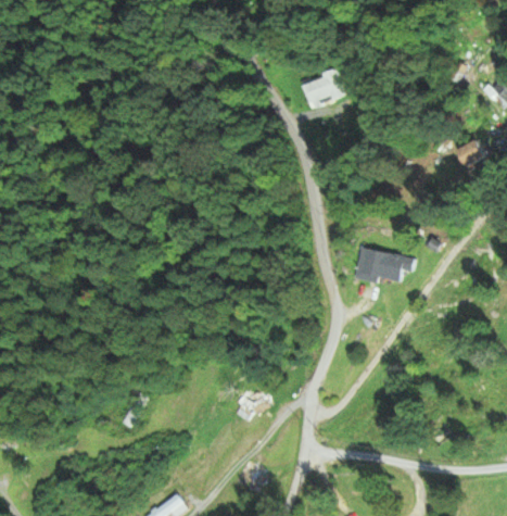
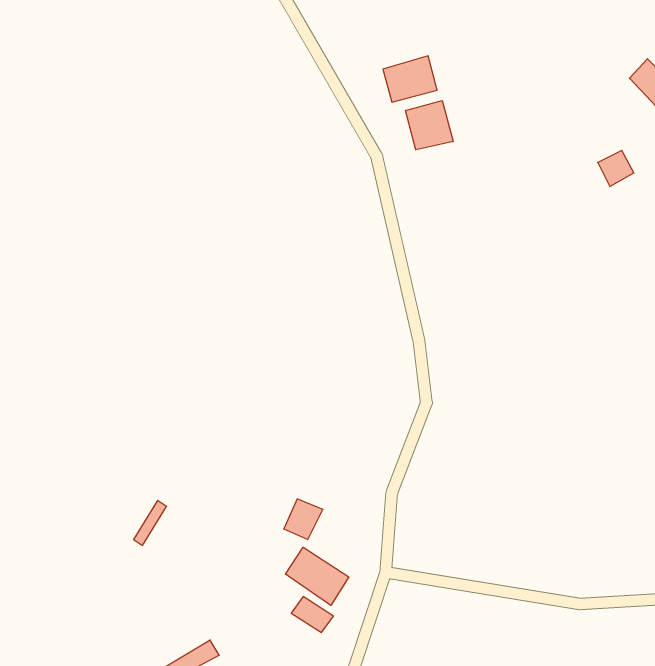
building: none -> [406,101,453,150]
building: [357,249,415,282] -> none
building: none -> [285,547,349,605]

